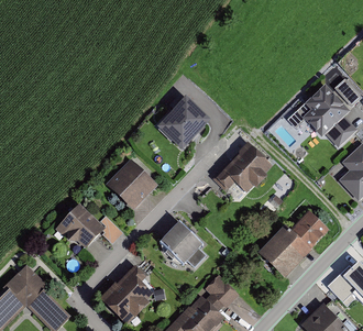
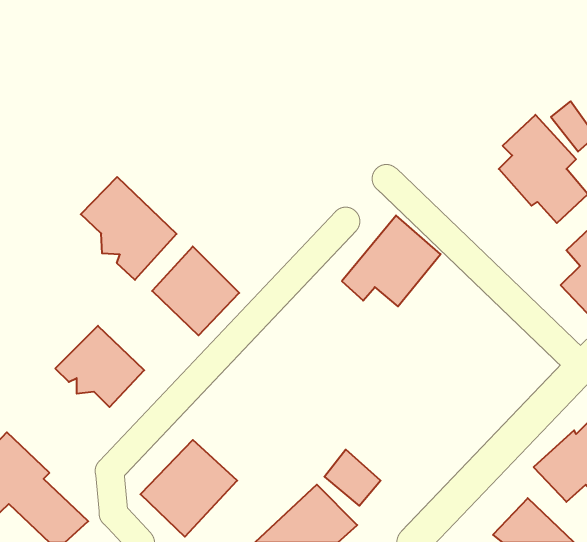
building: [148,91,207,150] -> none
building: none -> [81,177,177,280]
building: [260,212,329,277] -> none
building: [161,222,207,268] -> none

